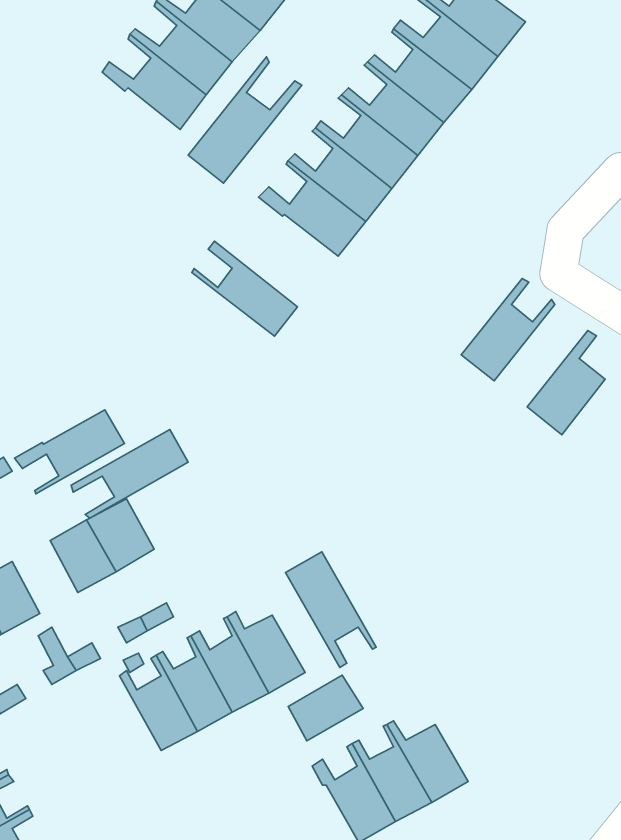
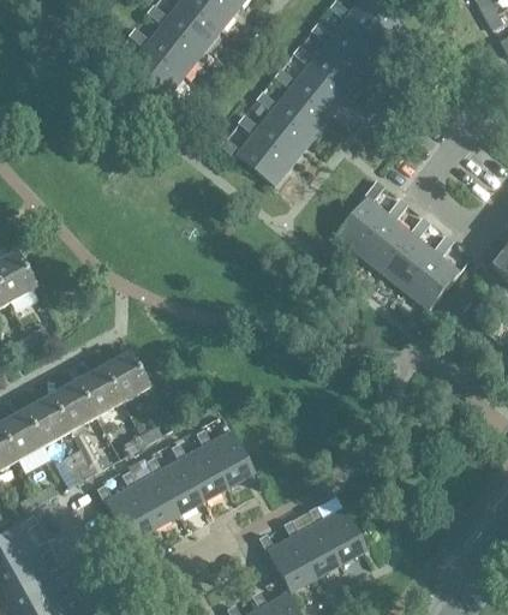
building: [188,57,302,183] -> none
building: [192,241,298,336] -> none
building: none -> [337,179,402,252]
building: none -> [383,217,448,288]
building: [15,410,125,494] -> none
building: [71,429,188,518] -> none
building: none -> [49,381,95,431]
building: [286,552,376,668] -> none
building: [288,675,363,741] -> none
building: none -> [96,474,153,541]

